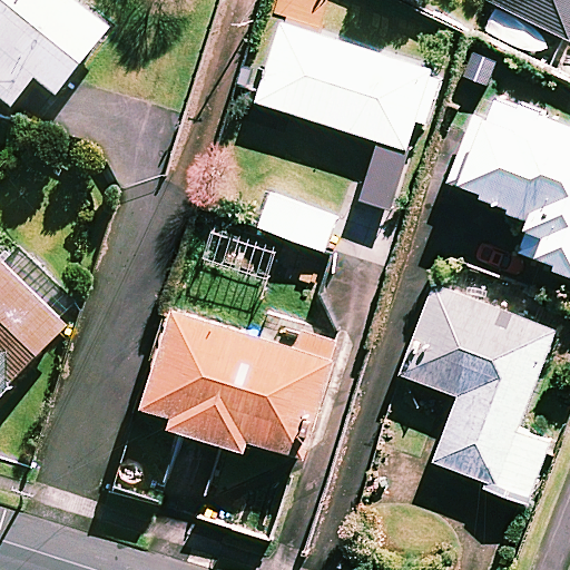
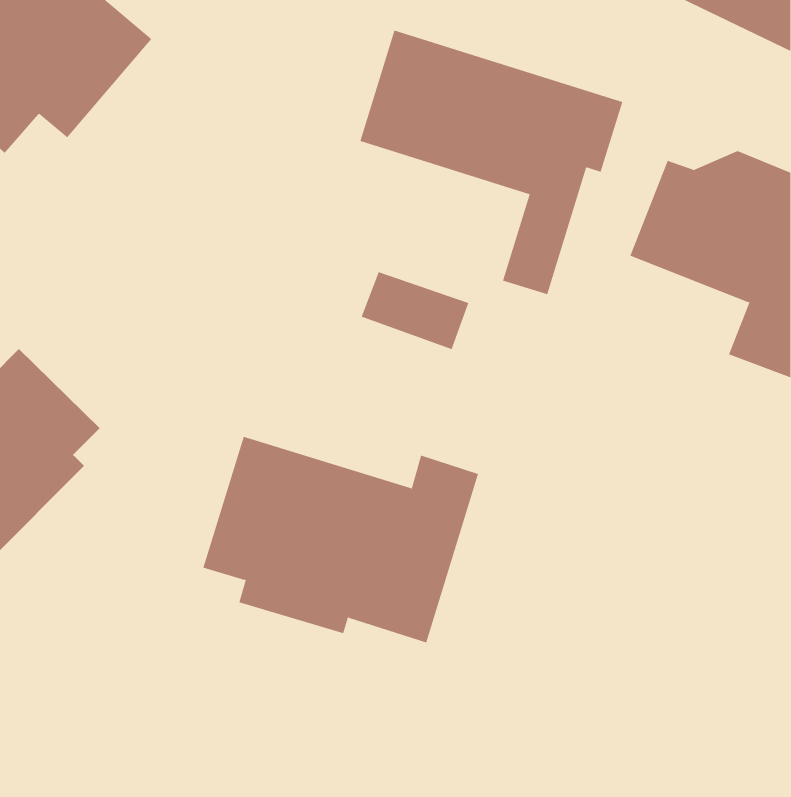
building: [402,286,552,505] -> none

